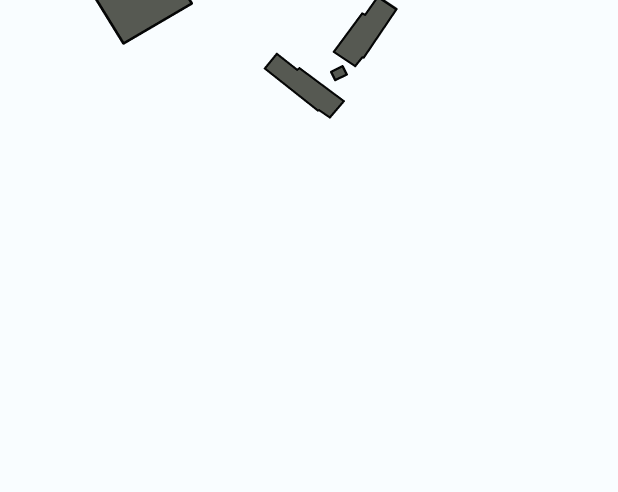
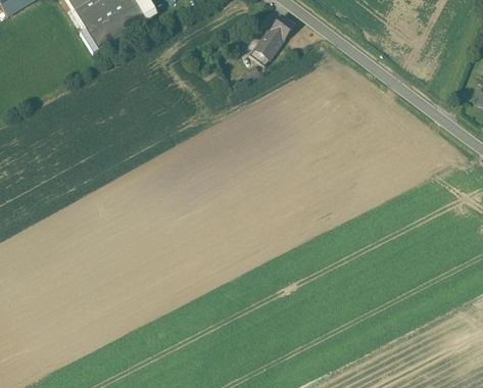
building: [265,54,344,117] -> none

